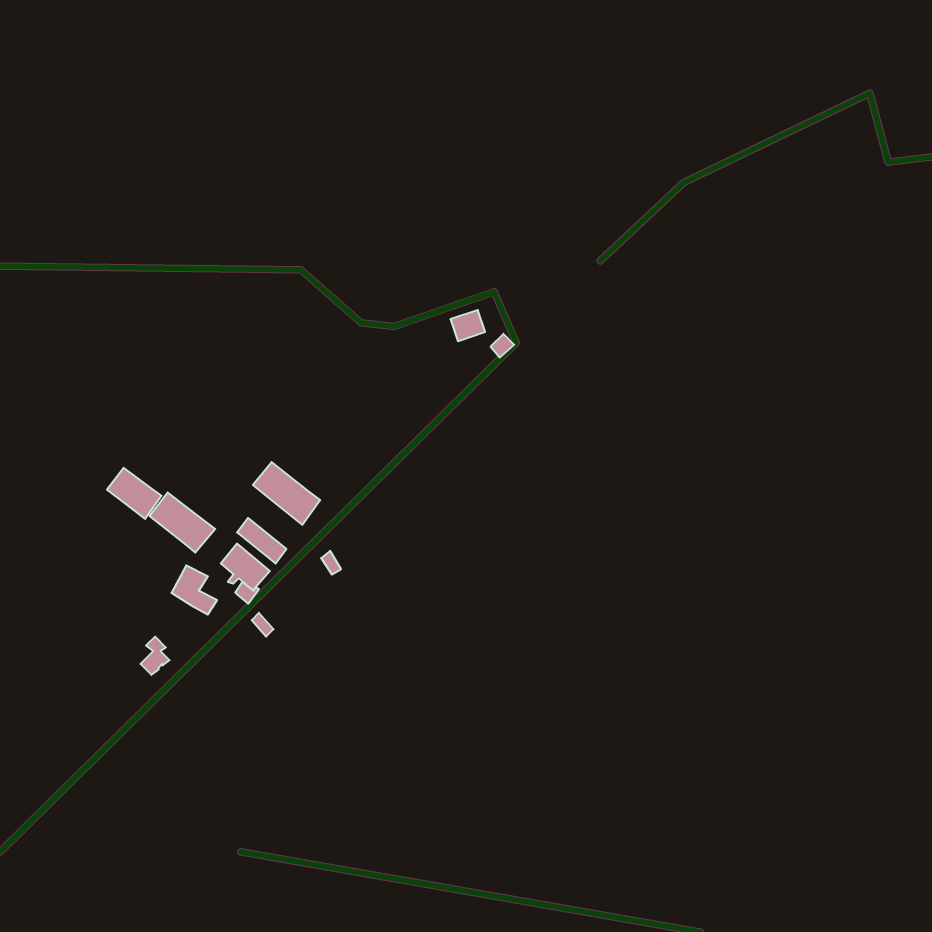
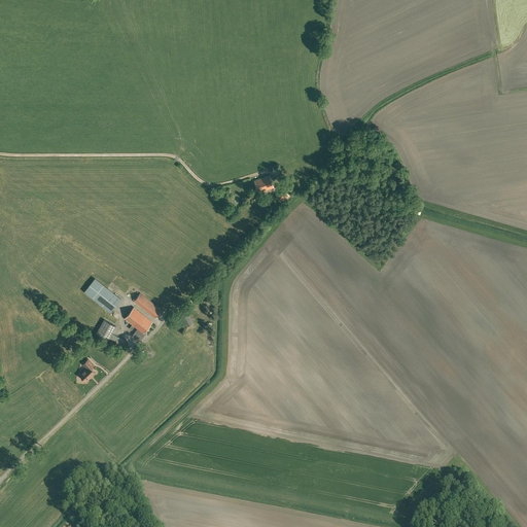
building: [253,462,320,525] -> none
building: [107,468,162,519] -> none

